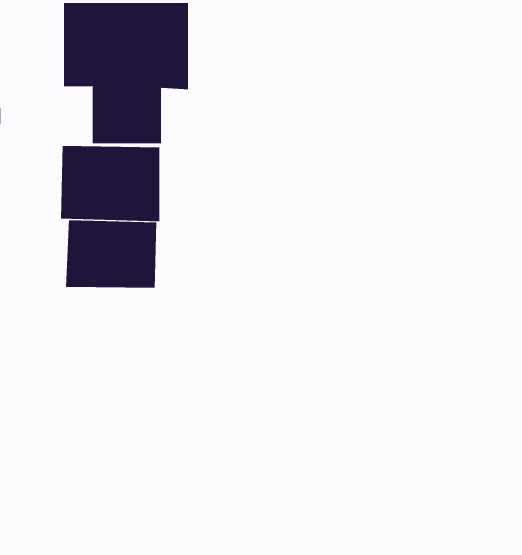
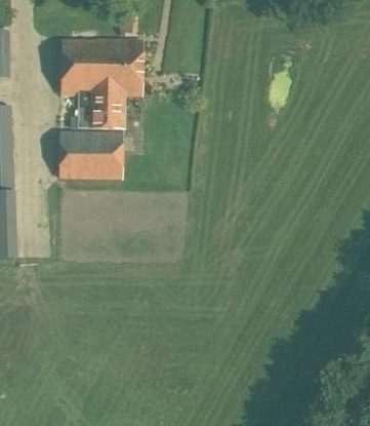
building: [66,219,157,288] -> none

